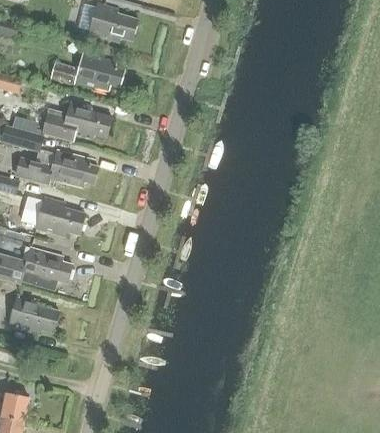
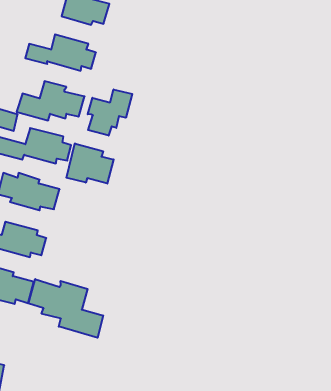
building: none -> [88,89,132,136]
building: none -> [66,143,114,184]
building: none -> [29,279,103,338]

